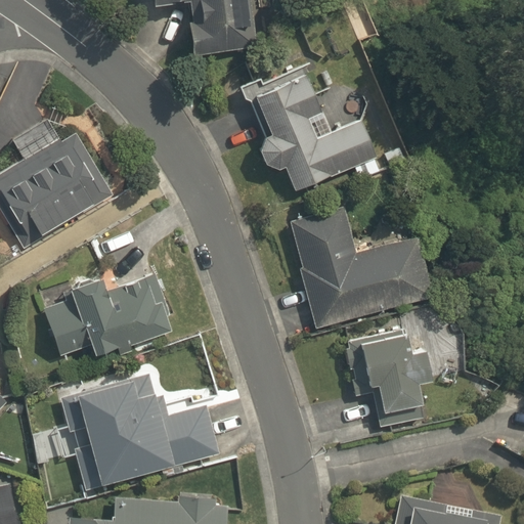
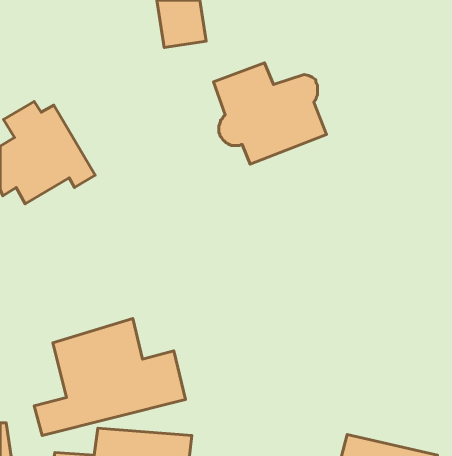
building: [290,209,431,329] -> none
building: [47,272,175,357] -> none
building: [348,332,435,410] -> none

